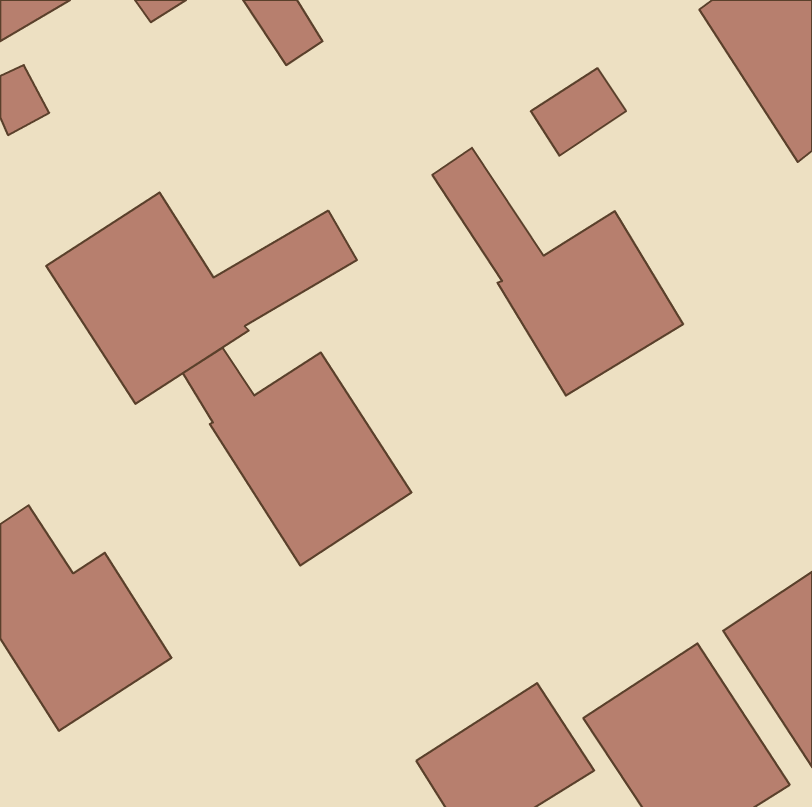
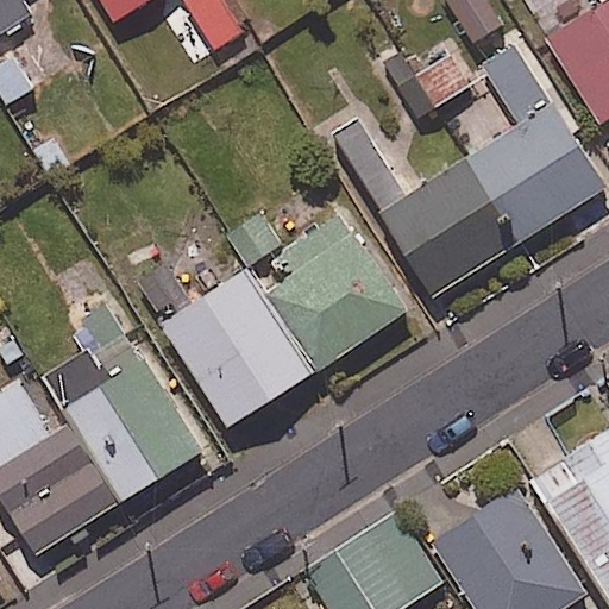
building: none -> [460,46,603,246]
building: [46,192,357,404] -> none
building: none -> [226,215,402,372]
building: none -> [57,302,206,496]

